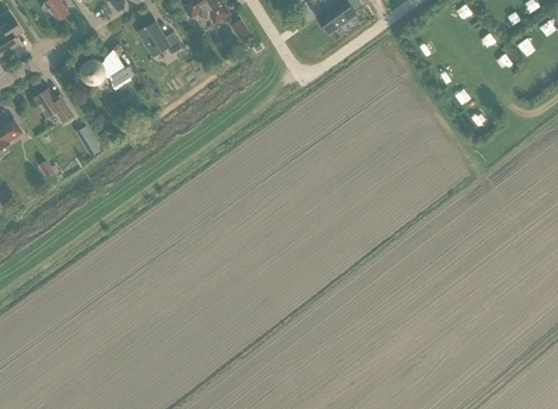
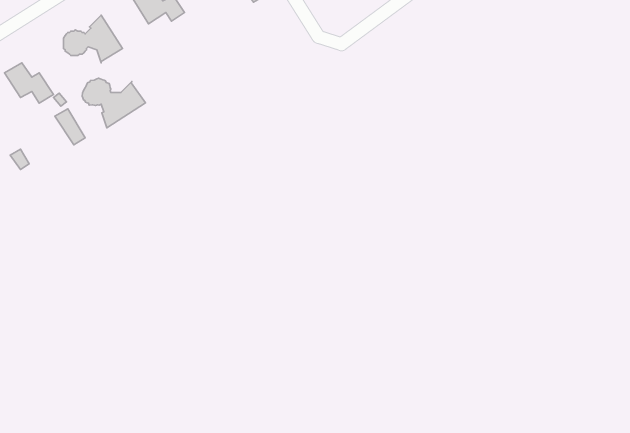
building: none -> [82,78,146,128]

